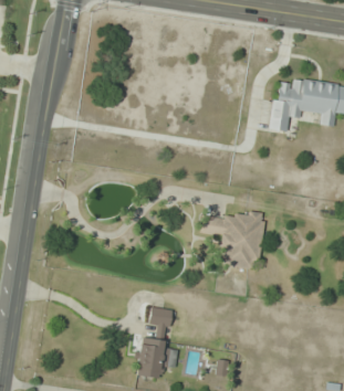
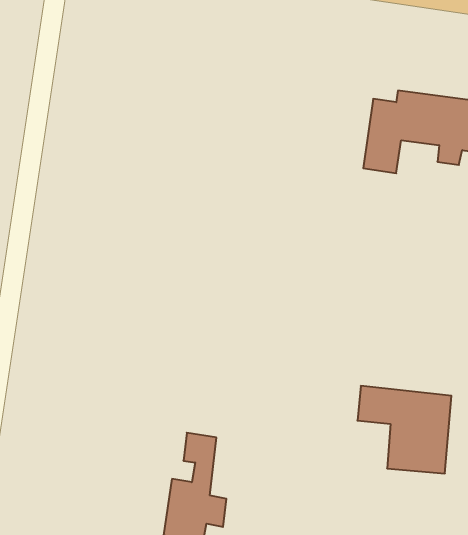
building: [199,211,262,270] -> [357,386,451,473]

